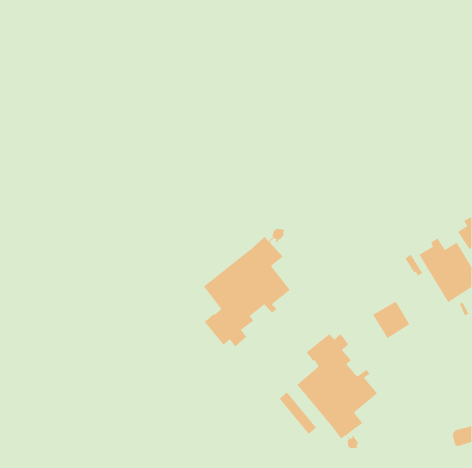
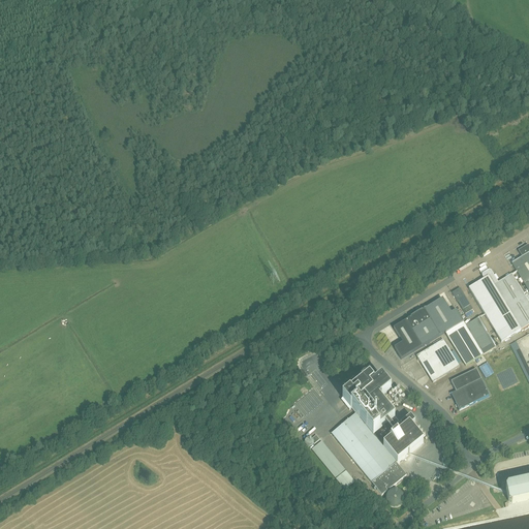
building: [203,228,291,347] -> none
building: none -> [394,295,495,362]
building: none -> [452,366,489,407]

